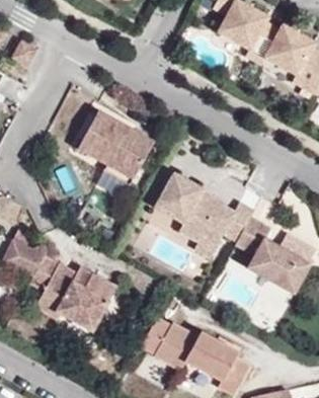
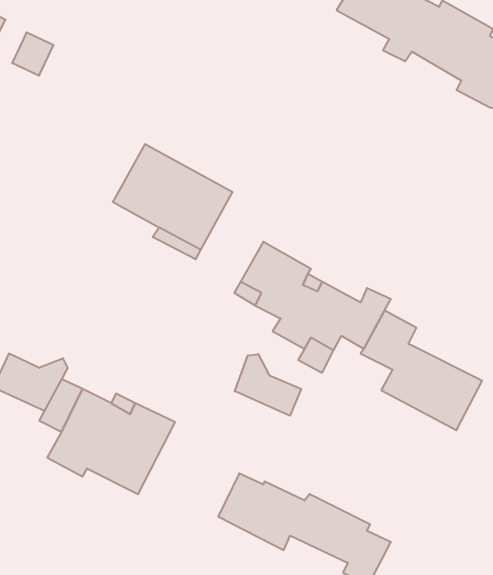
building: none -> [235,354,301,416]

